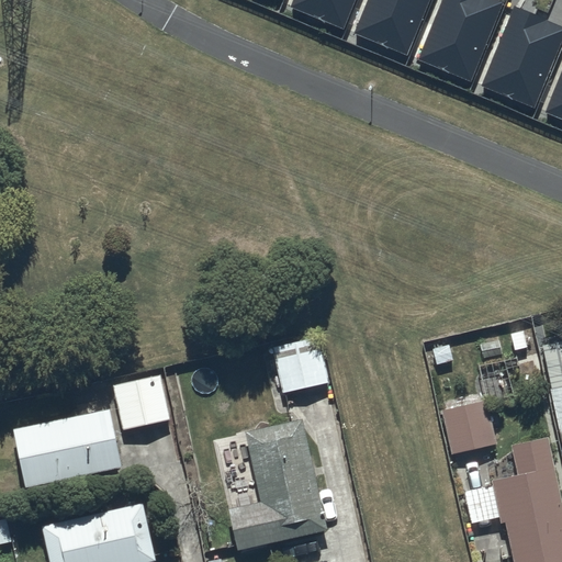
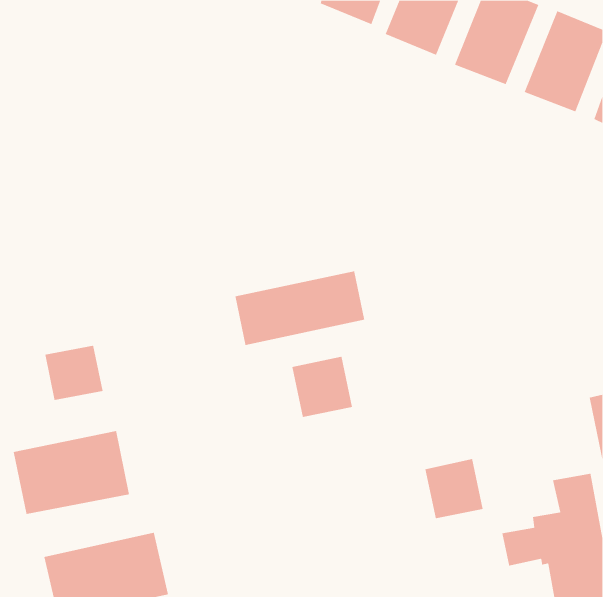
building: none -> [235,271,365,346]
building: [114,376,169,428] -> [44,345,103,401]
building: [442,400,497,456] -> [425,459,484,519]
building: [226,417,327,549] -> none

